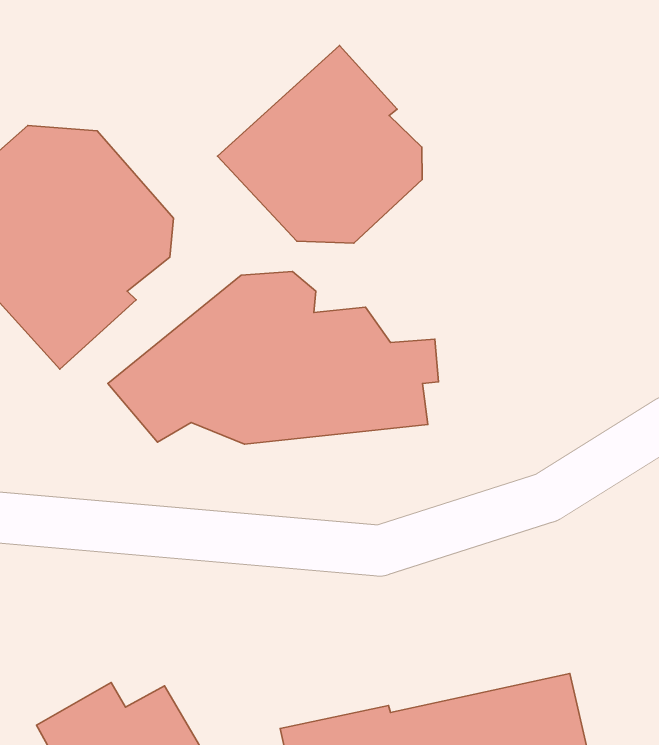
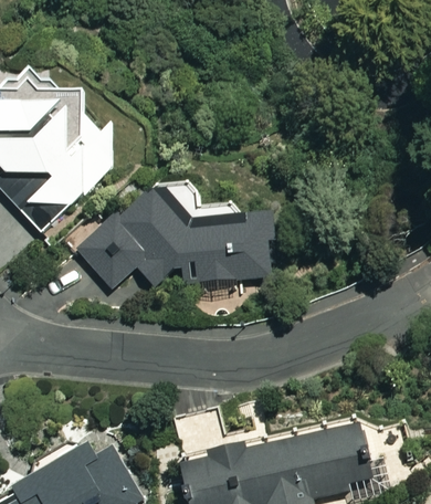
building: [218,45,422,243] -> none

